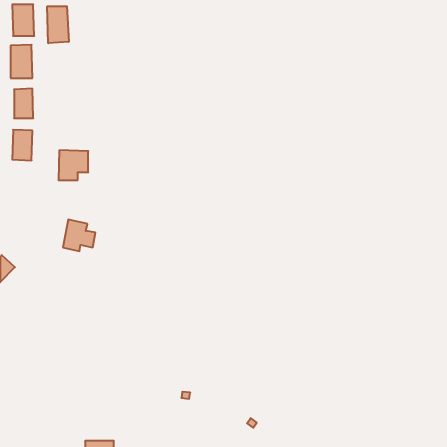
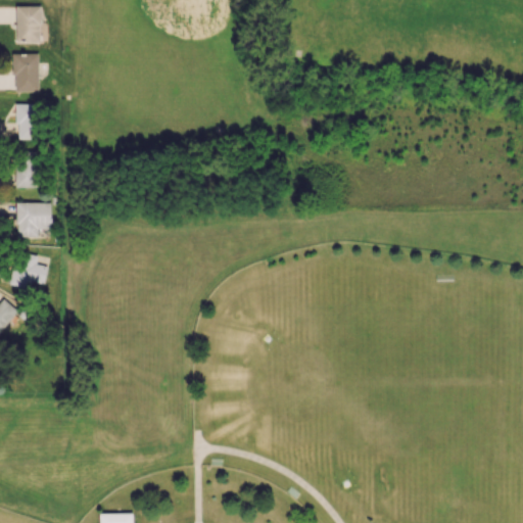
building: [47,6,69,43] -> none
building: [58,150,88,180] -> [15,202,50,237]
building: [63,219,95,251] -> [9,251,47,288]

